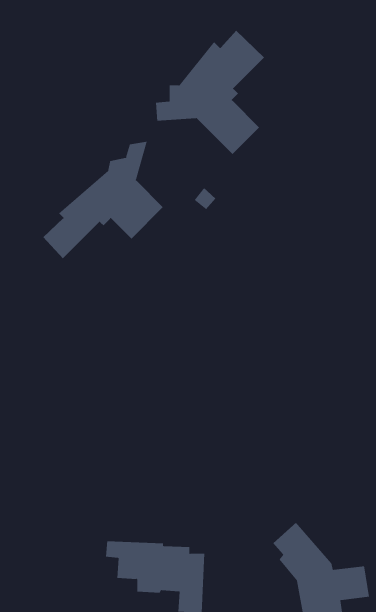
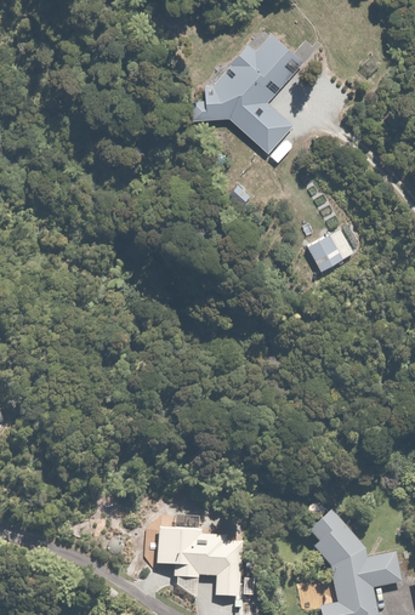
building: [43,141,164,259] -> none
building: none -> [306,224,356,273]

